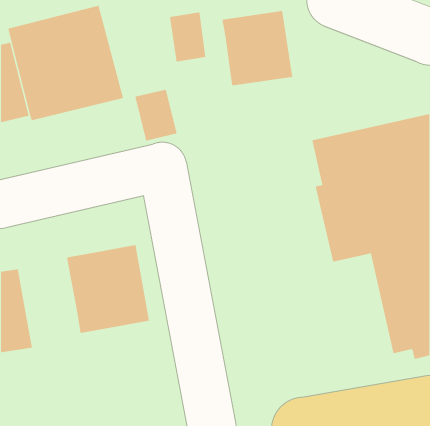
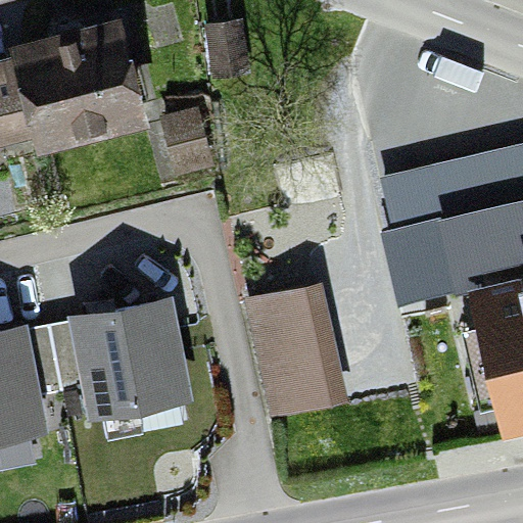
building: [222,10,293,86] -> none
building: none -> [244,280,350,420]
building: none -> [22,320,93,394]

